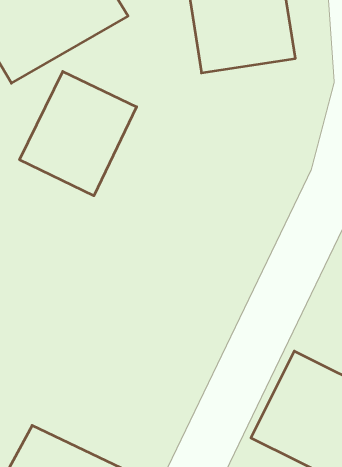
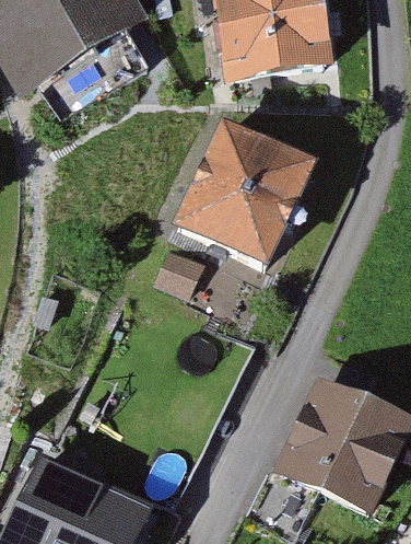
building: [20,71,137,196] -> none
building: none -> [172,118,317,268]

